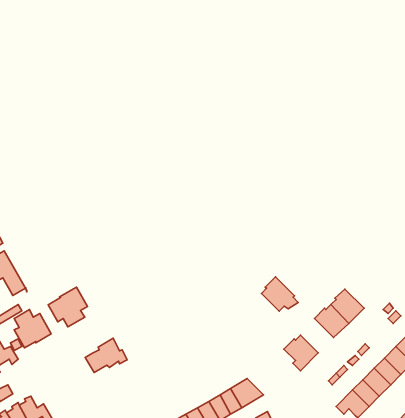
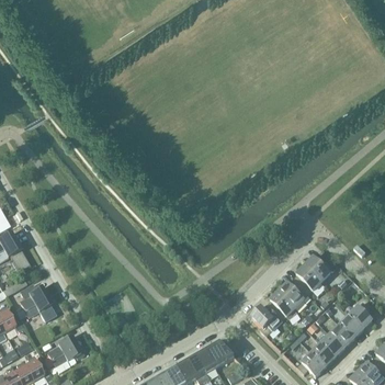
building: none -> [304,252,333,282]
building: [261,277,298,311] -> [265,291,297,320]
building: [48,287,88,327] -> none
building: [85,338,127,373] -> [46,336,82,365]

